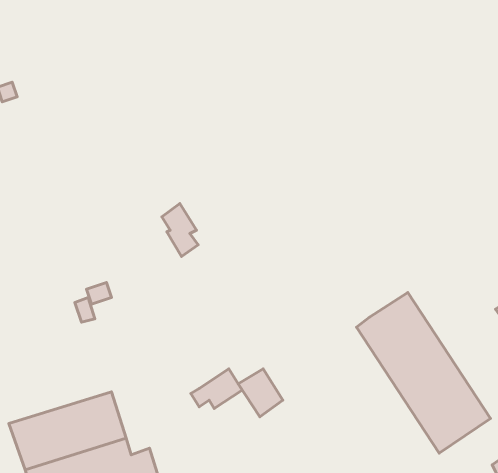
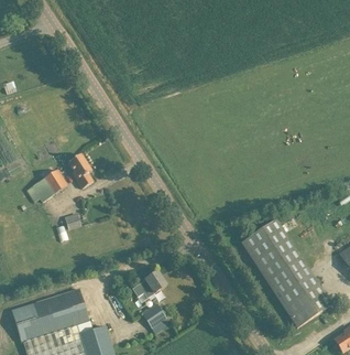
building: [162,204,198,257] -> [68,154,92,190]
building: none -> [31,170,66,202]
building: [238,369,283,417] -> [140,303,169,335]

